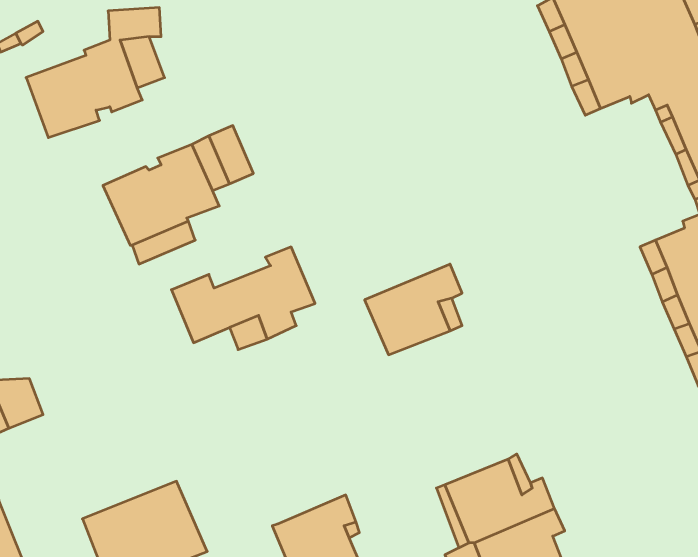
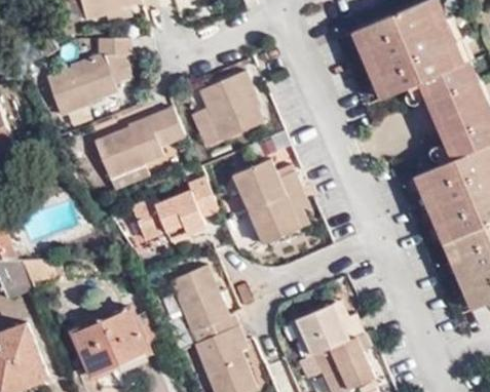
building: none -> [188,68,261,144]
building: none -> [234,158,300,209]
building: none -> [169,266,237,344]

